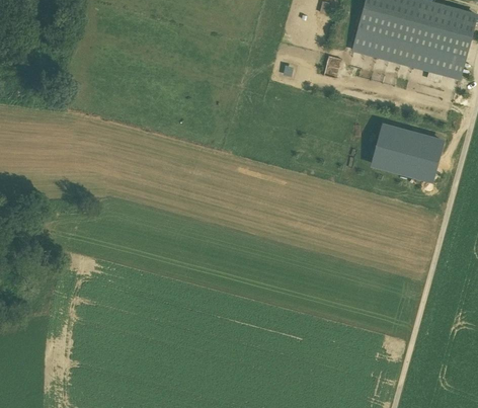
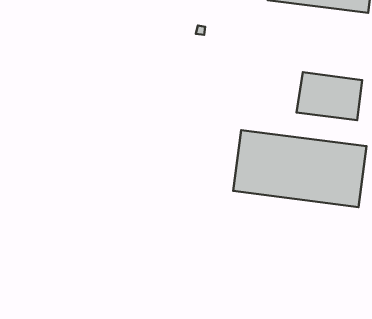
building: none -> [233,130,366,207]

